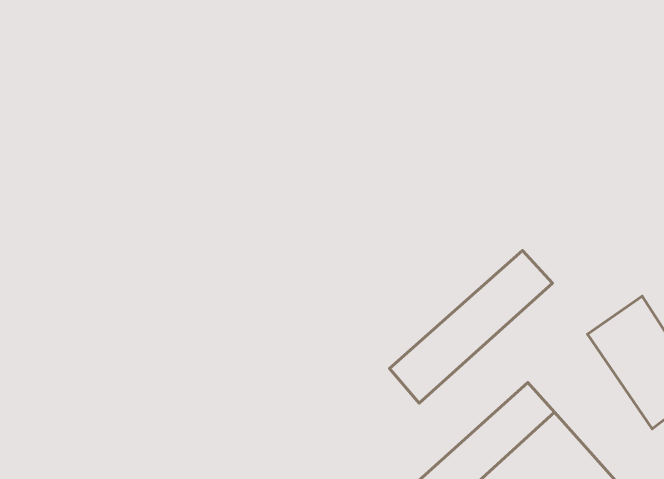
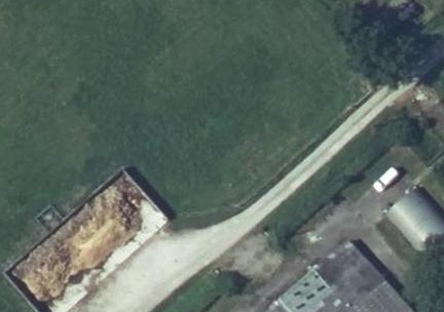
building: [390,250,552,403] -> none

